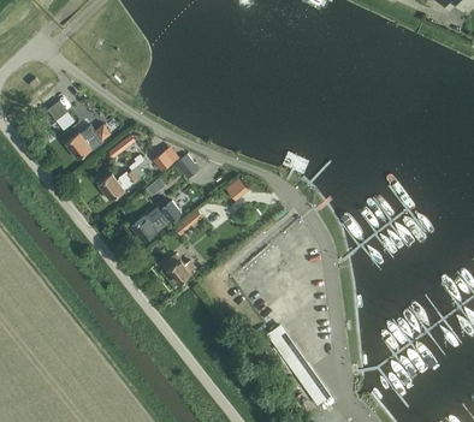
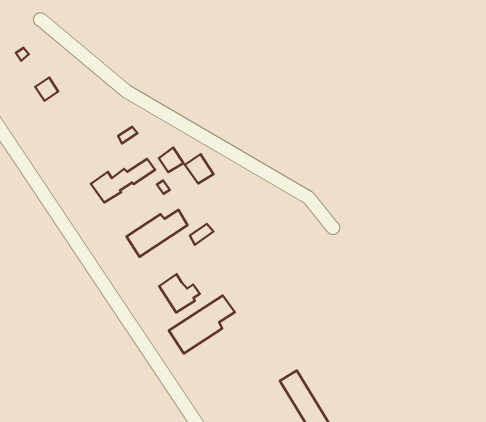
building: [65,125,109,159] -> none
building: none -> [169,296,235,353]

